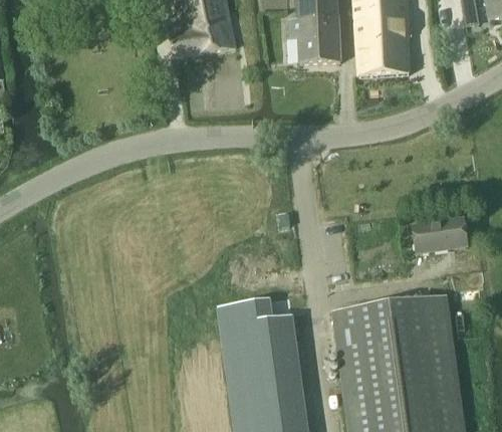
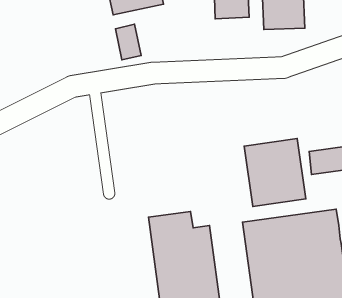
building: none -> [115,24,141,60]
building: none -> [244,138,306,207]

